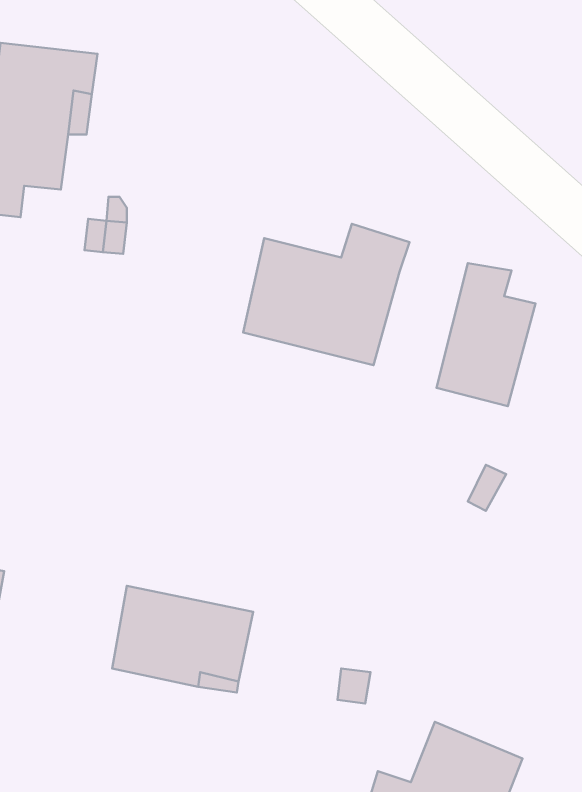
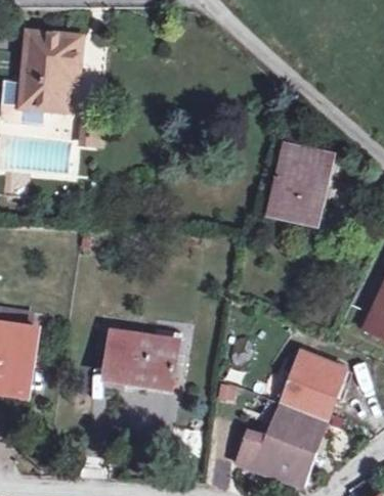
building: [243,224,409,365] -> none
building: none -> [275,353,345,427]

